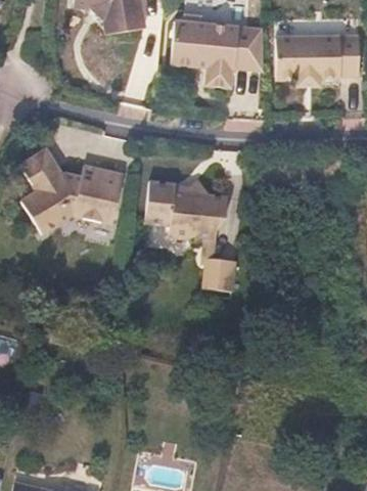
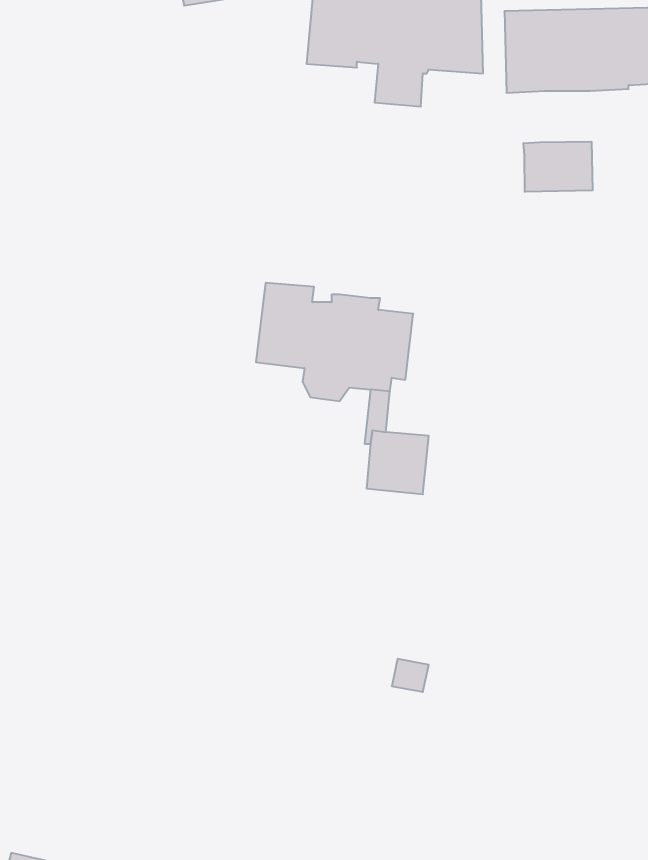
building: none -> [524,142,593,192]
building: [20,148,124,232] -> none

